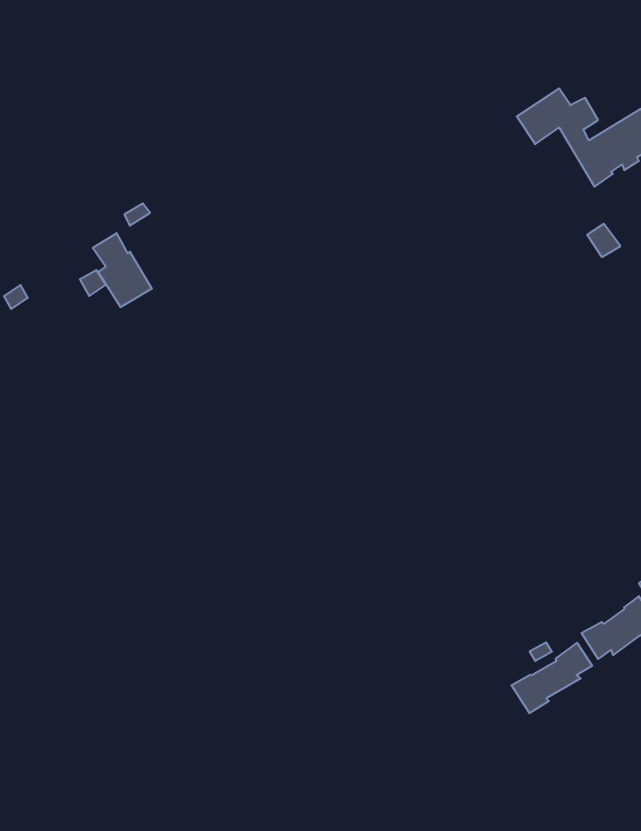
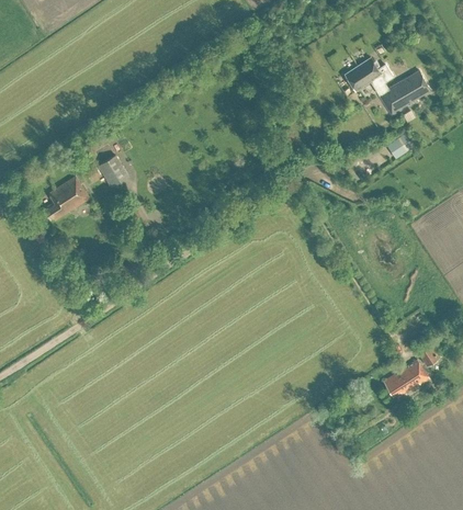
building: none -> [46,175,90,219]
building: [511,643,592,713] -> none

